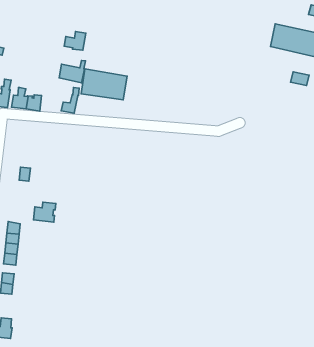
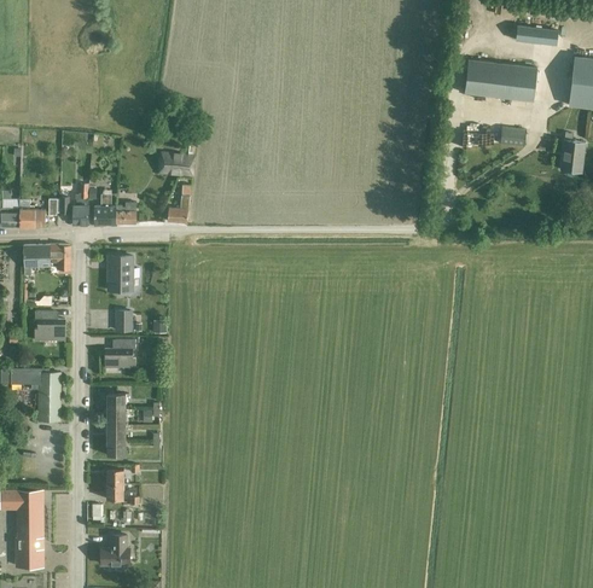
building: [64,31,86,50] -> none
building: [81,69,127,100] -> none
building: none -> [107,257,138,291]
building: [33,202,56,222] -> [104,340,134,368]

